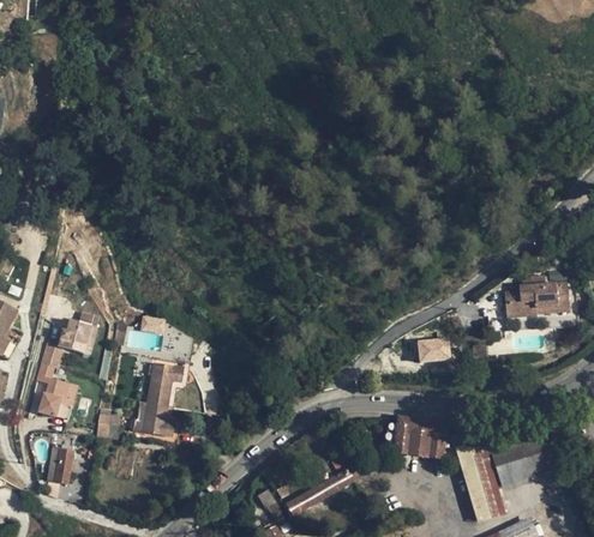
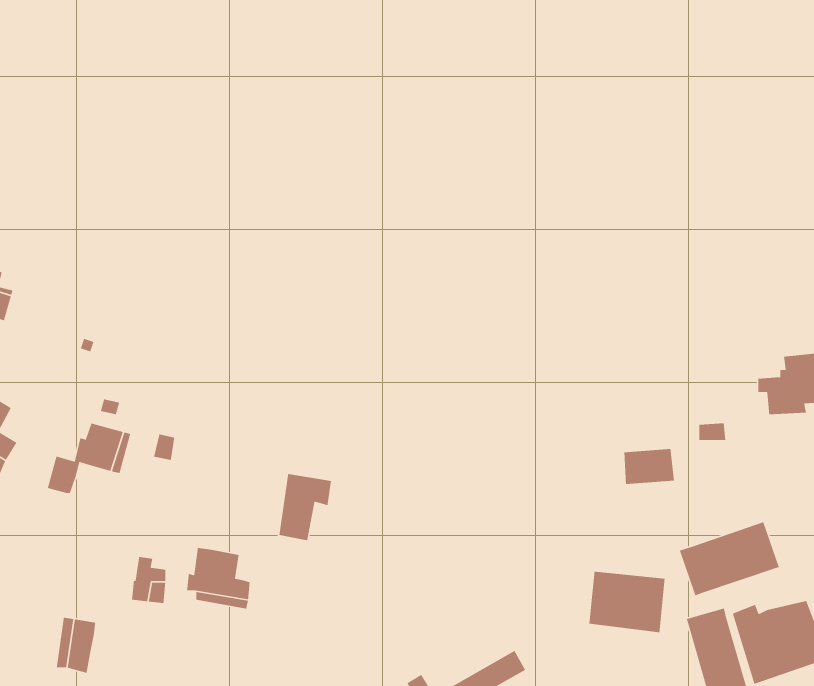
building: [148,362,182,406] -> [278,473,332,541]
building: [36,363,70,418] -> none
building: none -> [679,521,780,596]

